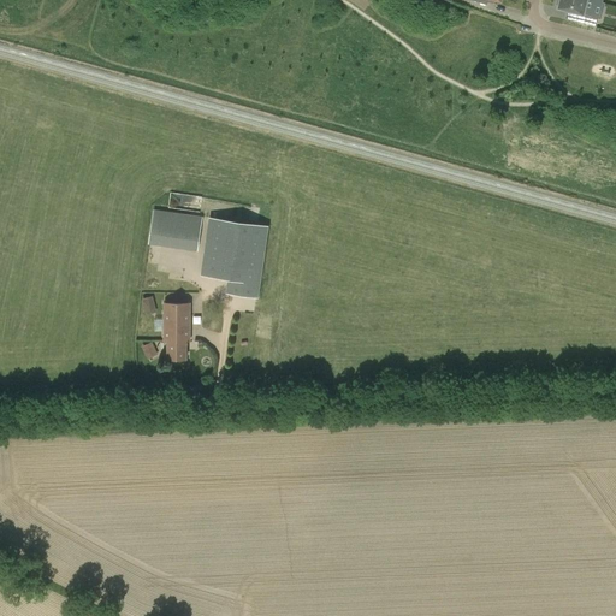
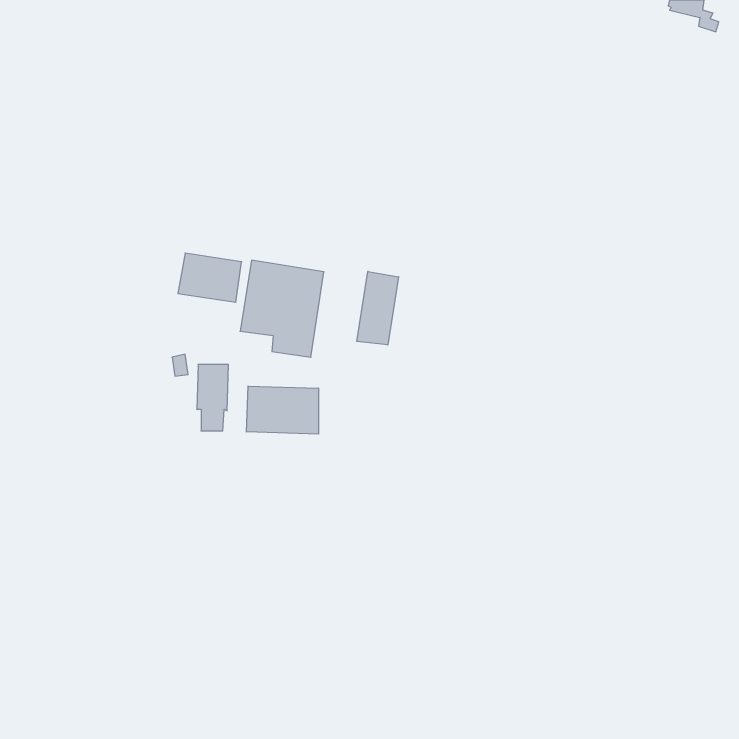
building: none -> [357,271,399,345]
building: none -> [246,386,318,434]

